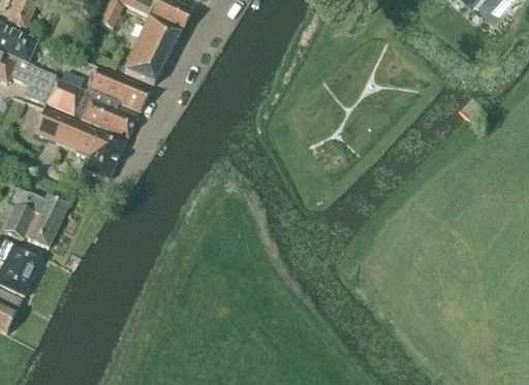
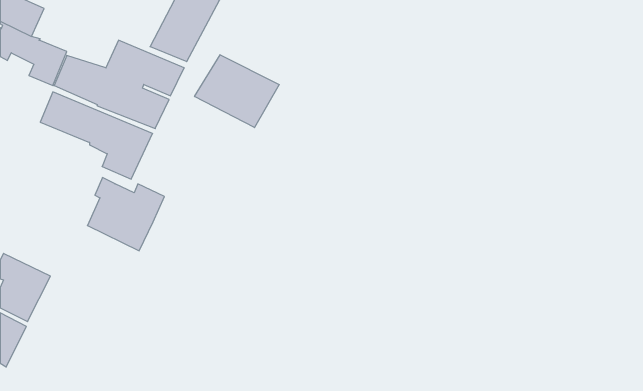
building: none -> [195,55,279,128]
building: [5,188,68,248] -> [87,178,164,251]

